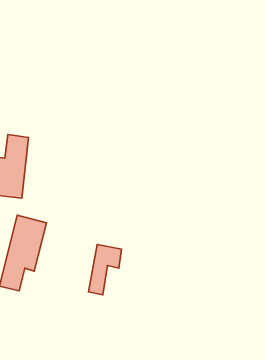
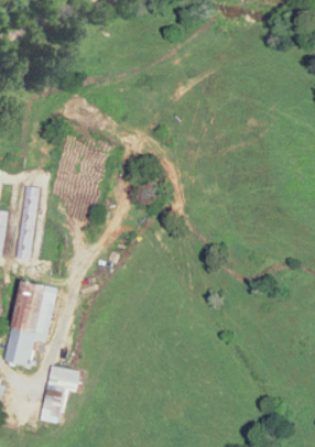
building: [88,245,122,295] -> [41,366,79,424]

